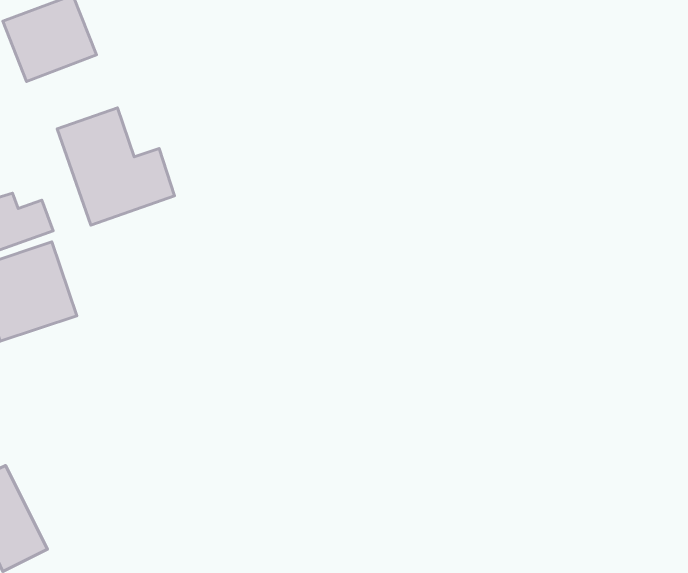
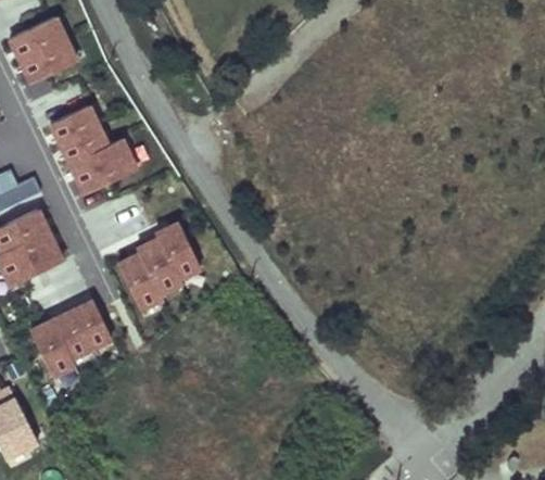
building: none -> [109,224,206,311]
building: none -> [27,296,114,376]

